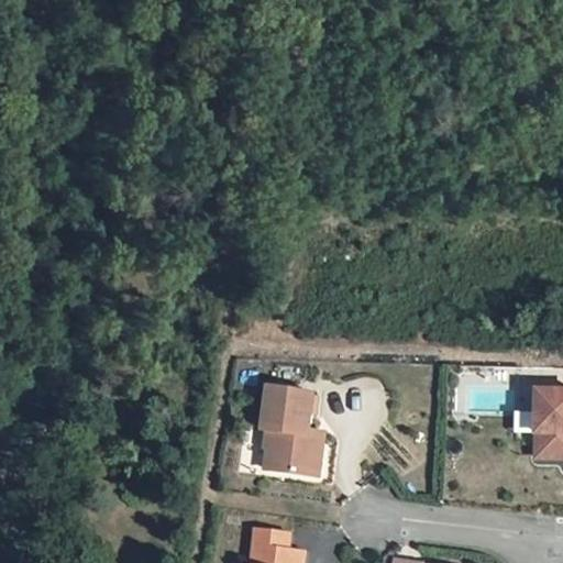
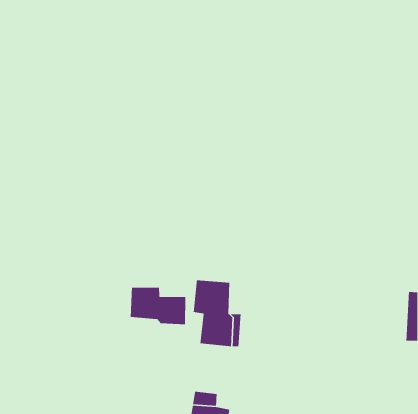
building: none -> [130,287,186,325]

